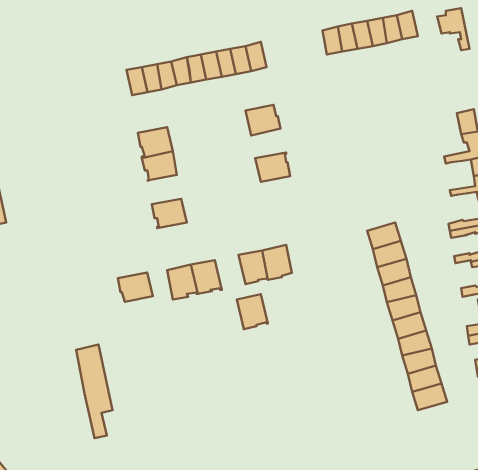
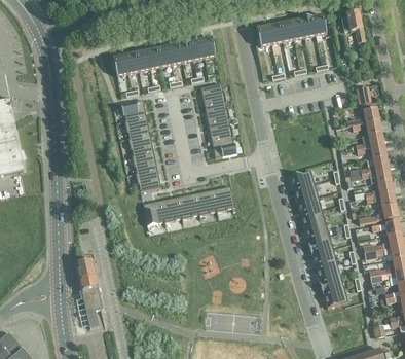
building: none -> [205,100,230,121]
building: none -> [128,134,153,155]
building: none -> [212,135,237,157]
building: [118,272,153,302] -> [136,169,161,190]
building: [237,294,268,329] -> [178,192,200,218]

